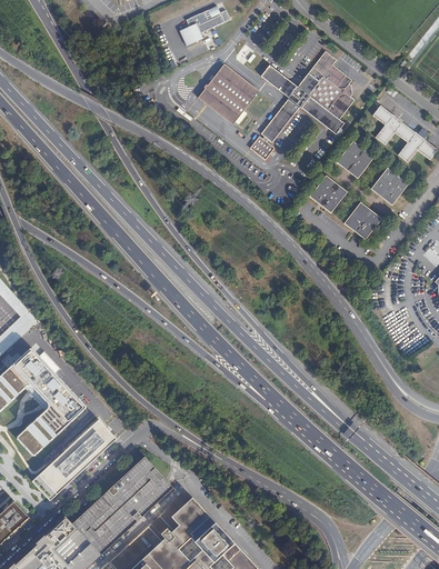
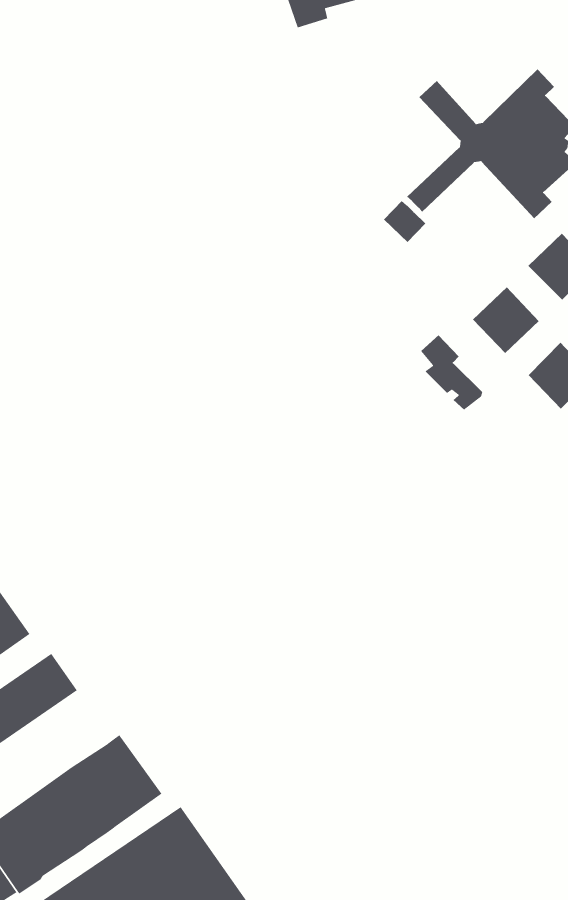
building: [197,64,258,126] -> none
building: none -> [420,335,483,410]

